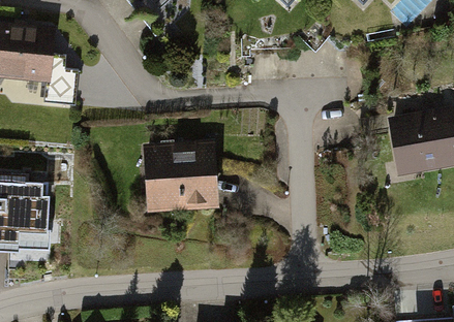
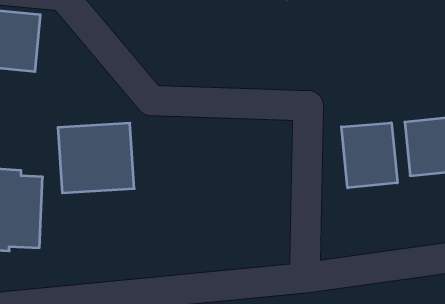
building: none -> [341,123,397,188]
building: [148,152,221,219] -> [58,123,134,193]

